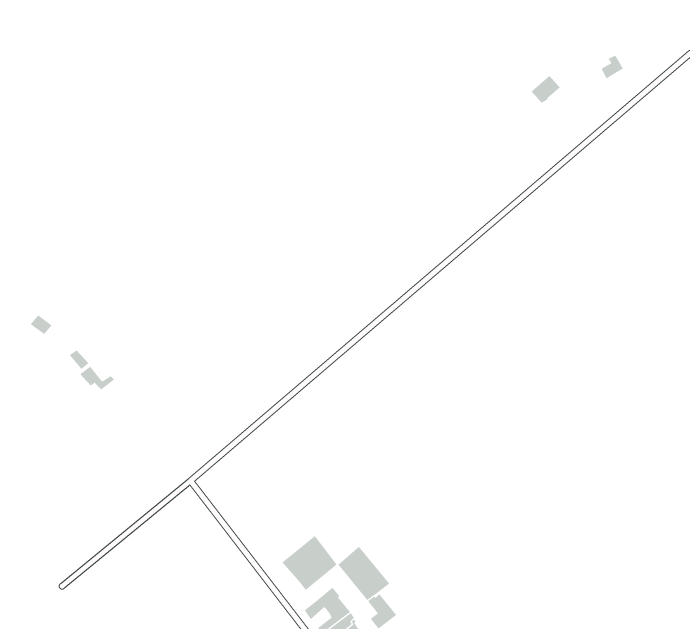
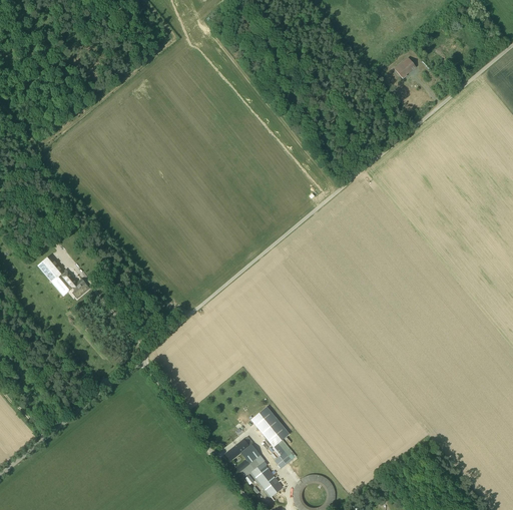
building: [282,535,338,591] -> none

